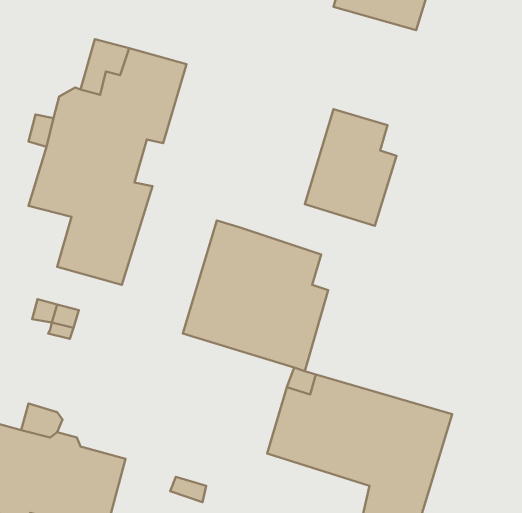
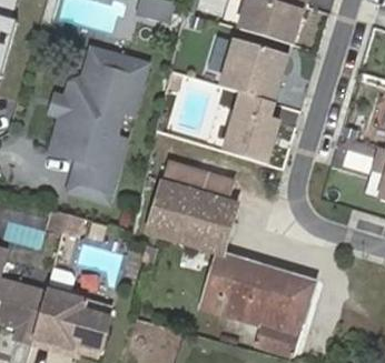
building: none -> [199,31,288,101]

